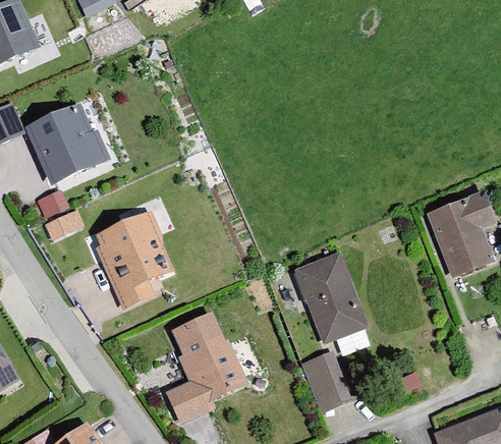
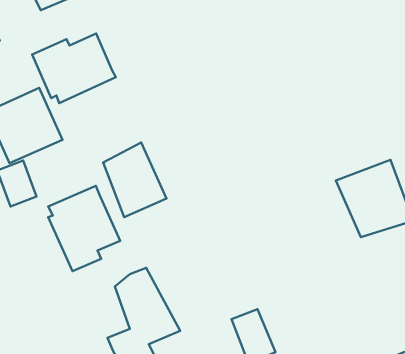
building: none -> [32,33,116,103]
building: none -> [103,142,166,217]
building: [293,248,367,341] -> none

